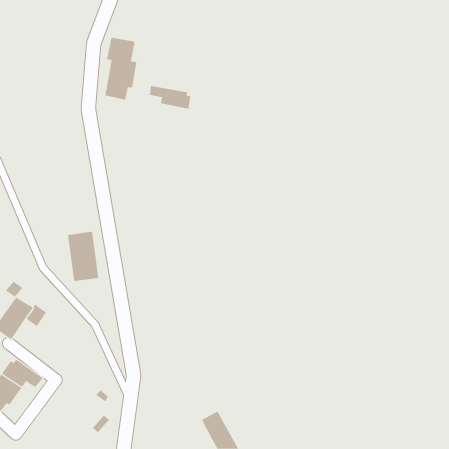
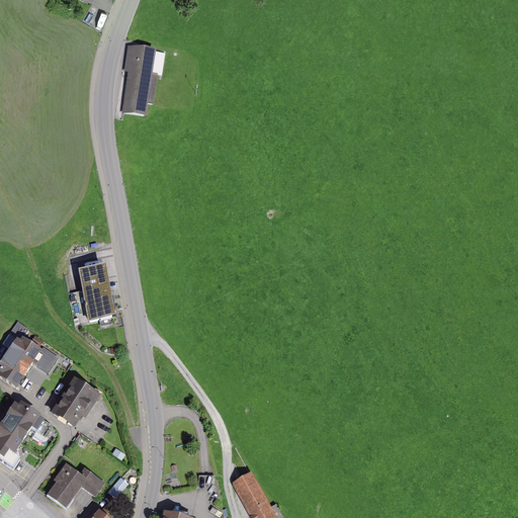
building: [150,85,191,109] -> none
building: none -> [54,374,105,424]
building: none -> [42,462,101,506]

